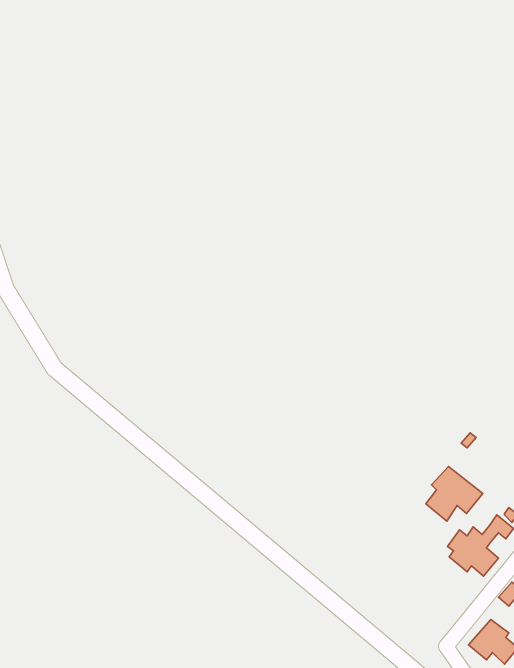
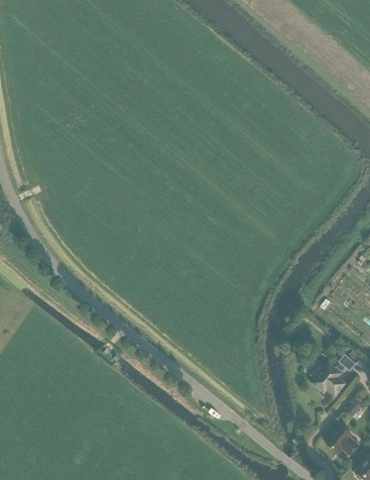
building: [426,467,483,521] -> none

